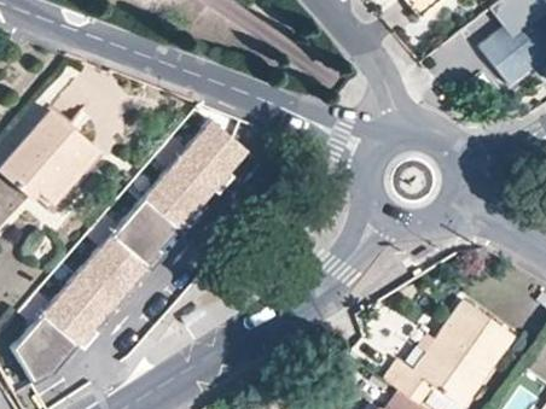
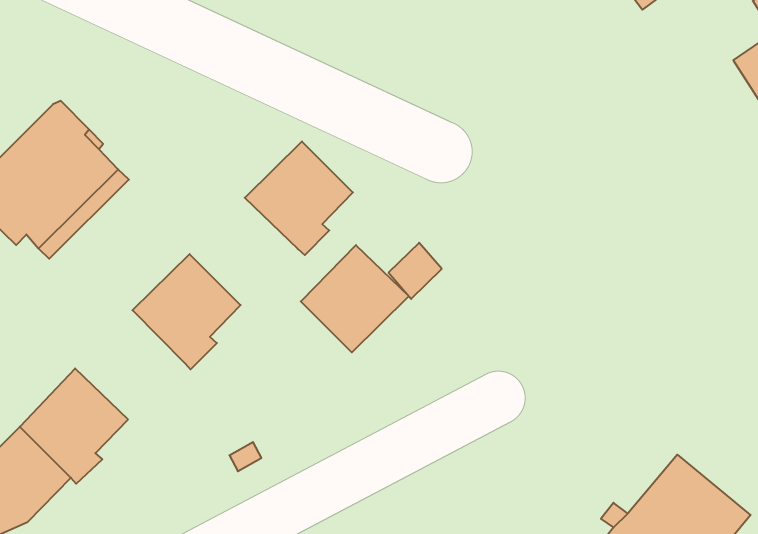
building: [144,158,213,227] -> [301,245,409,352]
building: [76,235,146,305] -> none

